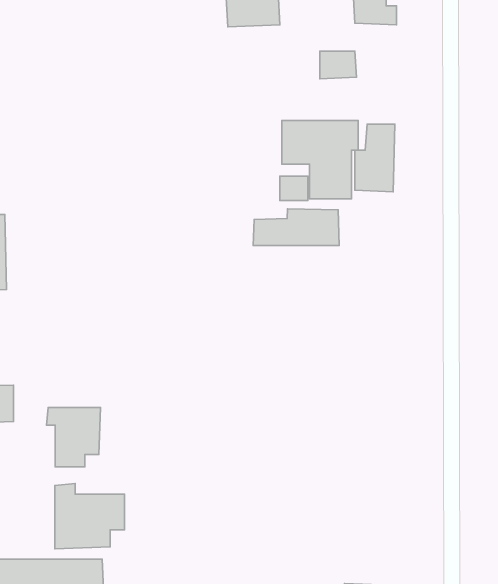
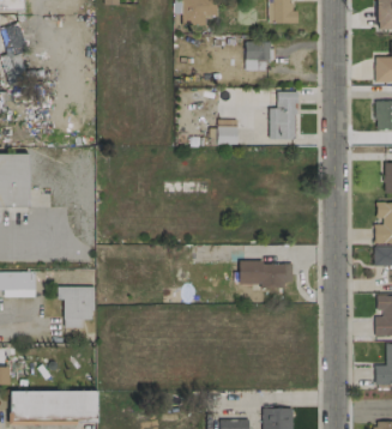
building: [253,209,339,245] -> none
building: none -> [239,261,294,285]
building: [55,484,124,549] -> none

